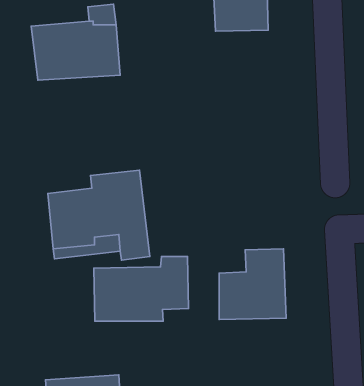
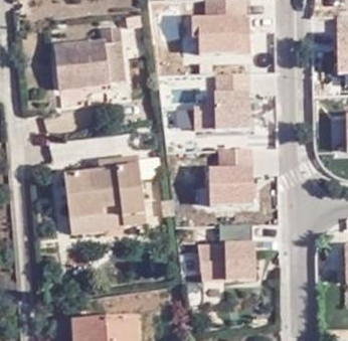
building: none -> [194,73,249,131]
building: none -> [209,149,255,205]
building: [94,256,189,321] -> none

